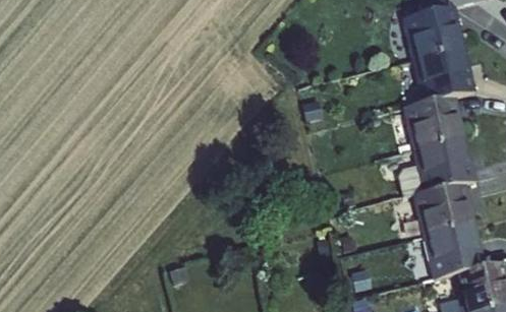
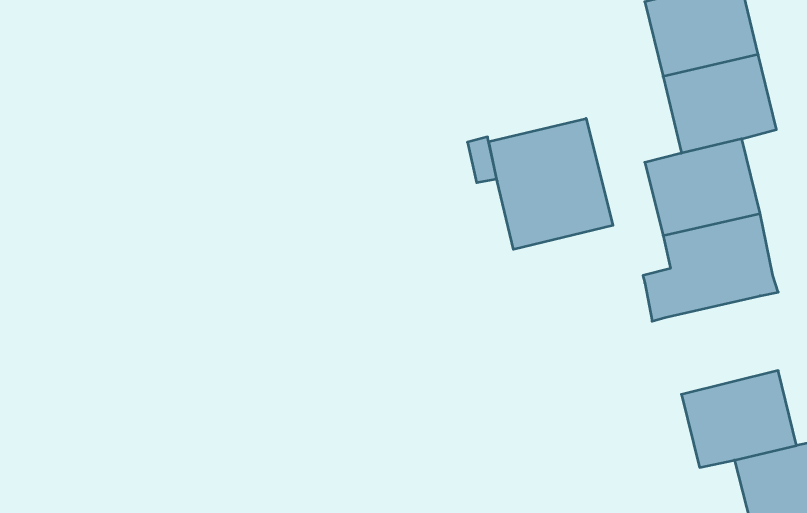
building: none -> [489,118,613,249]
building: [413,185,476,240] -> none

